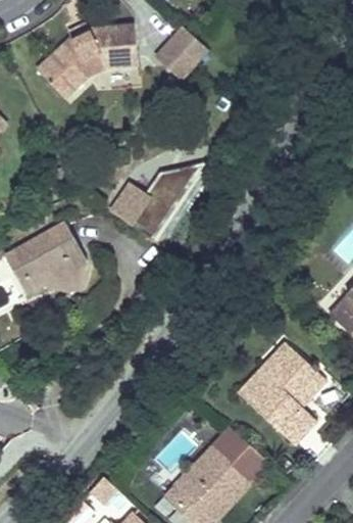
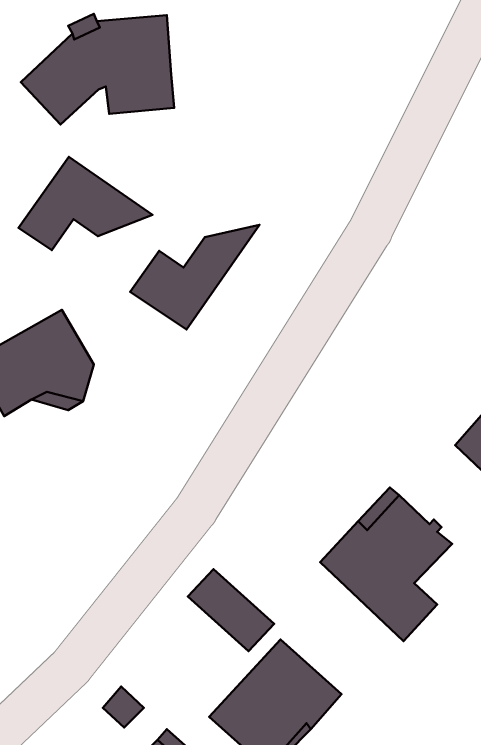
building: [150,22,206,79] -> none
building: none -> [19,157,153,250]
building: [211,426,269,481] -> [188,569,274,651]

